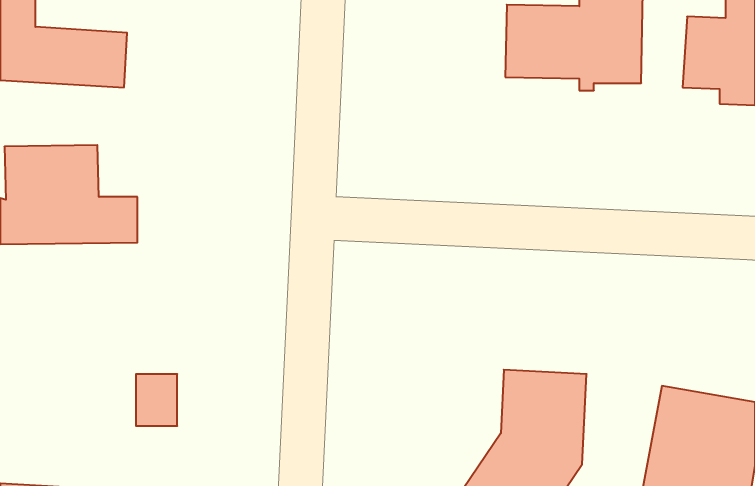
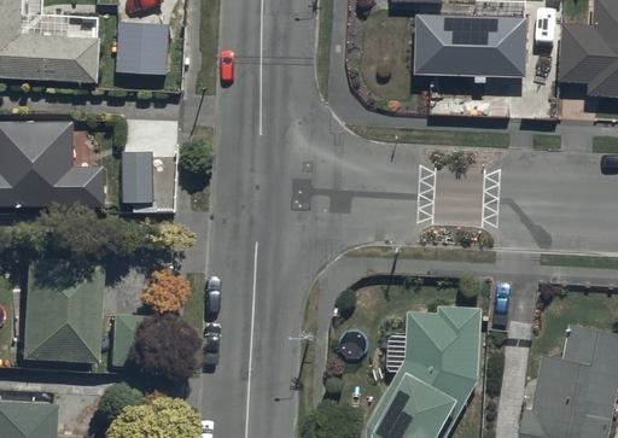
building: none -> [117,22,170,74]
building: none -> [122,148,161,214]
building: none -> [23,261,109,368]

